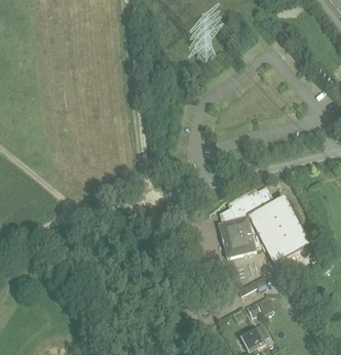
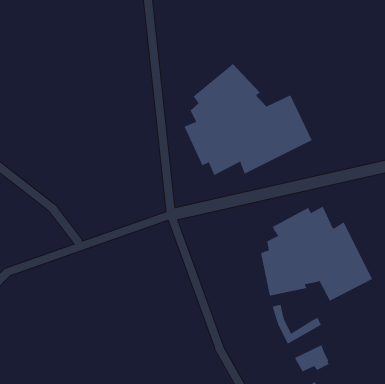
building: none -> [184,63,313,176]

